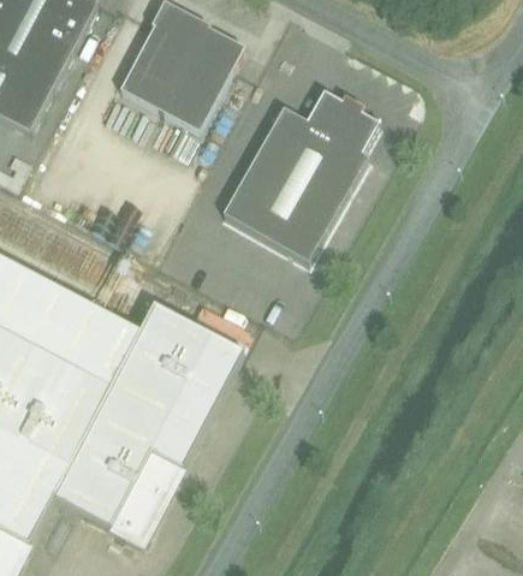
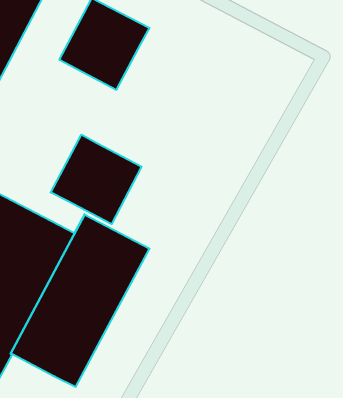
building: [224,89,380,260] -> none
building: none -> [51,135,142,224]

